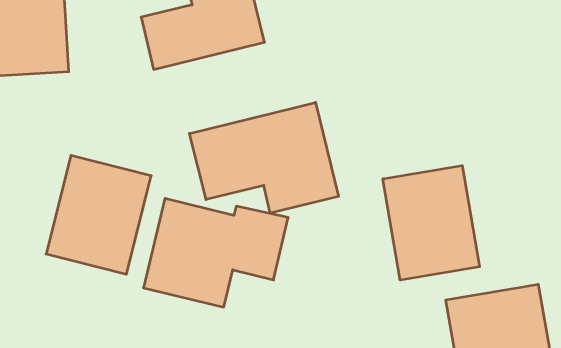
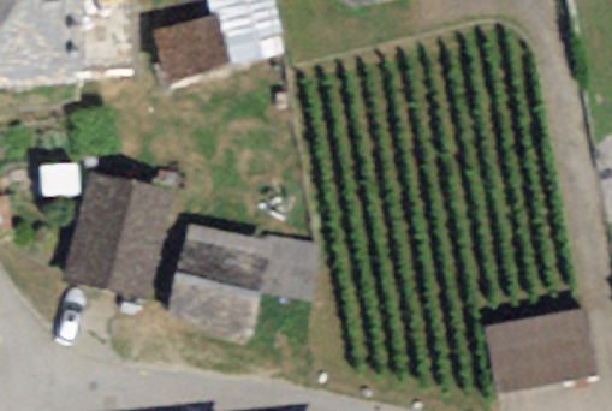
building: [189,102,339,213] -> none
building: [383,166,480,280] -> none

